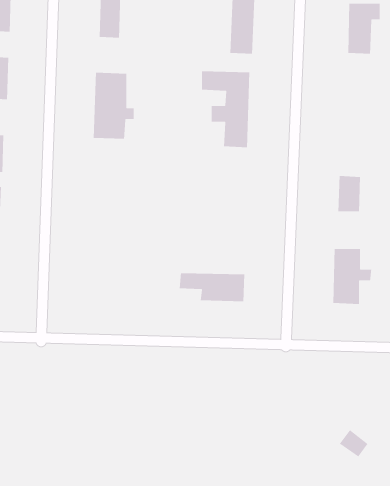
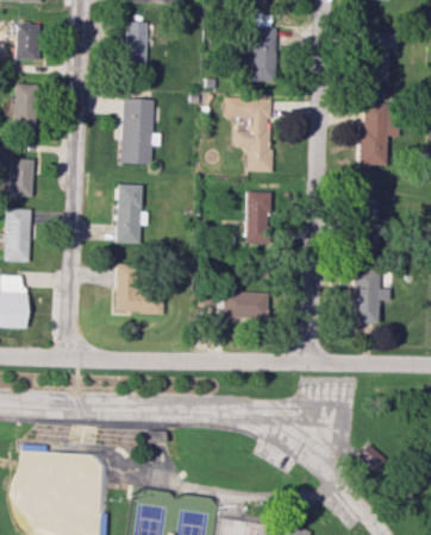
building: none -> [361,102,389,165]
building: none -> [115,184,142,244]
building: none -> [245,191,270,244]
building: none -> [115,264,164,314]

